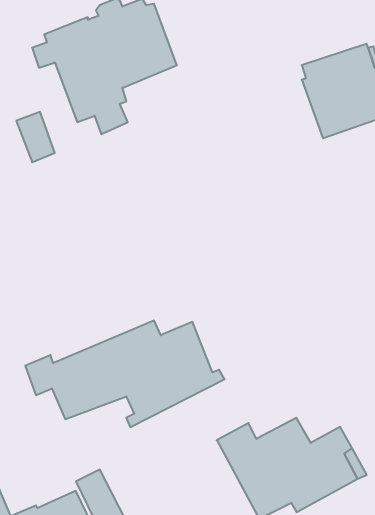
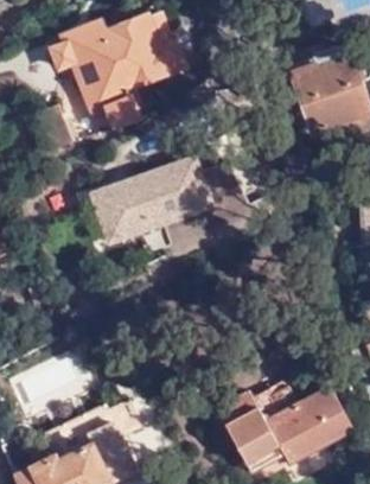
building: [25,321,225,427] -> [77,158,255,253]

